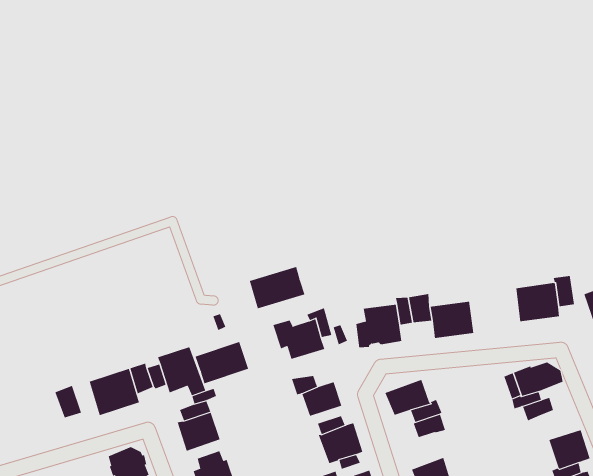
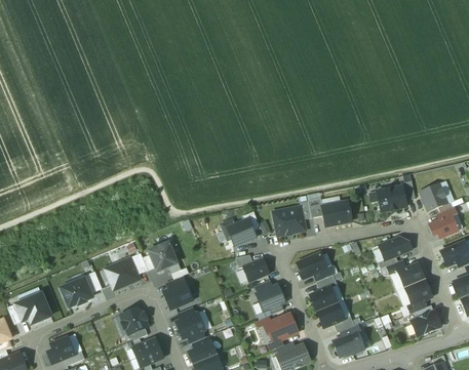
building: [249,266,305,309] -> none
building: [195,341,249,384] -> none
building: none -> [62,277,92,305]
building: none -> [398,262,425,286]
building: none -> [310,286,338,311]

